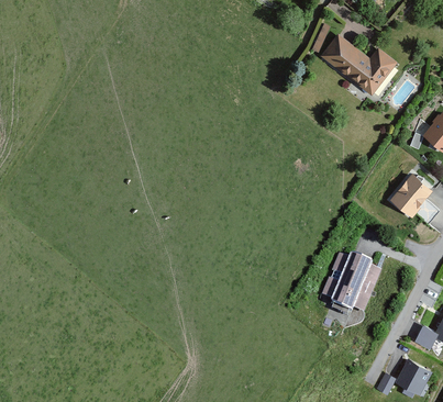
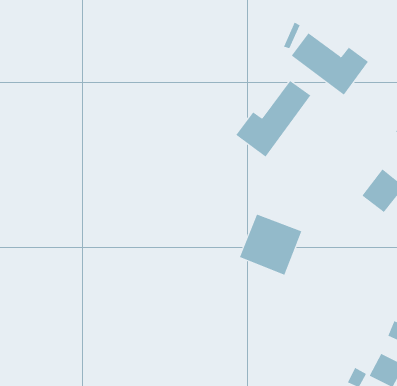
building: none -> [235,80,311,158]
building: [319,253,383,315] -> [239,214,302,276]

